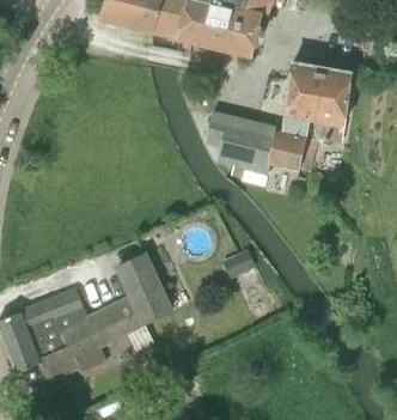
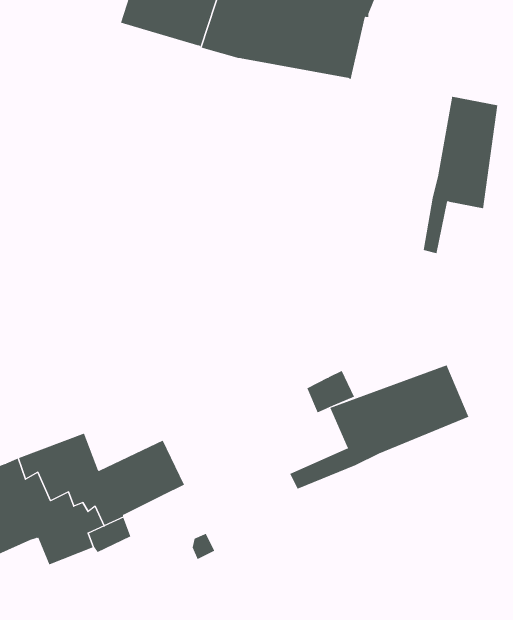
building: [206,62,319,178] -> none
building: none -> [290,365,469,490]
building: [114,254,172,327] -> none

